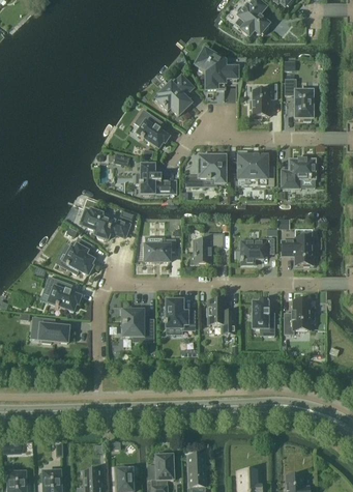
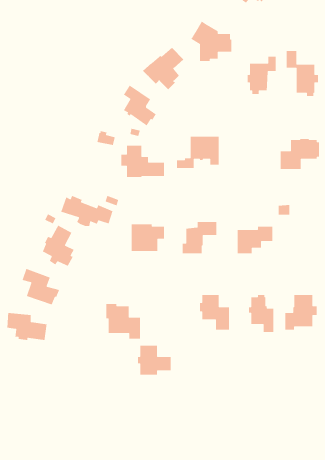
building: [238,154,273,184] -> none
building: [282,237,314,265] -> none
building: [164,299,195,327] -> [137,345,171,376]

